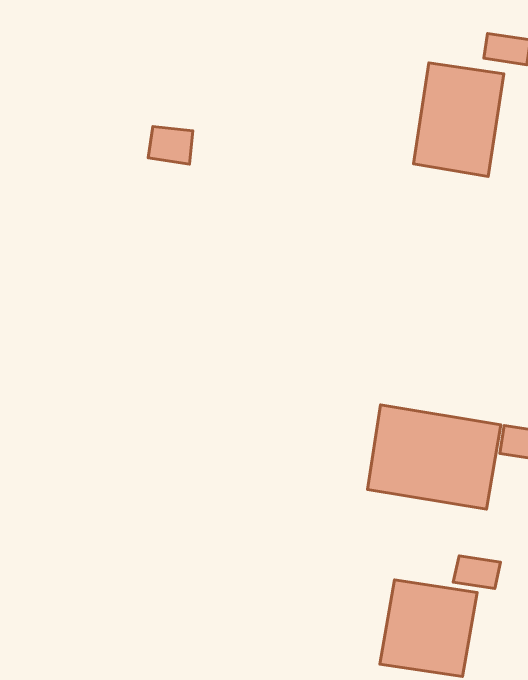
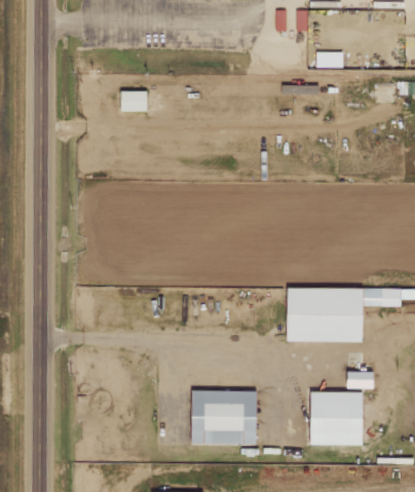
building: [414,63,504,176] -> none
building: [148,126,193,164] -> [120,91,146,112]
building: none -> [192,389,258,443]

